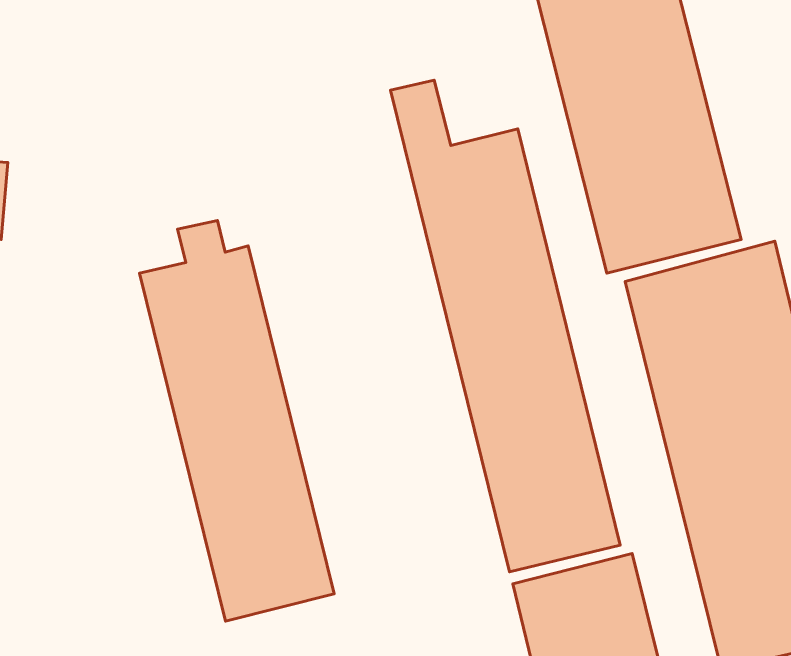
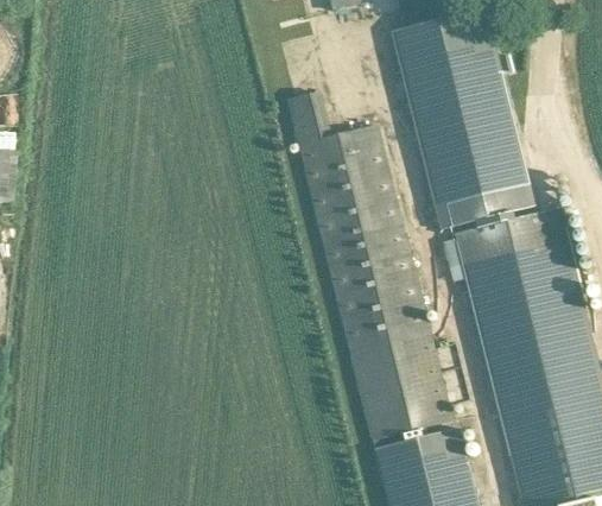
building: [139,221,334,621] -> none

